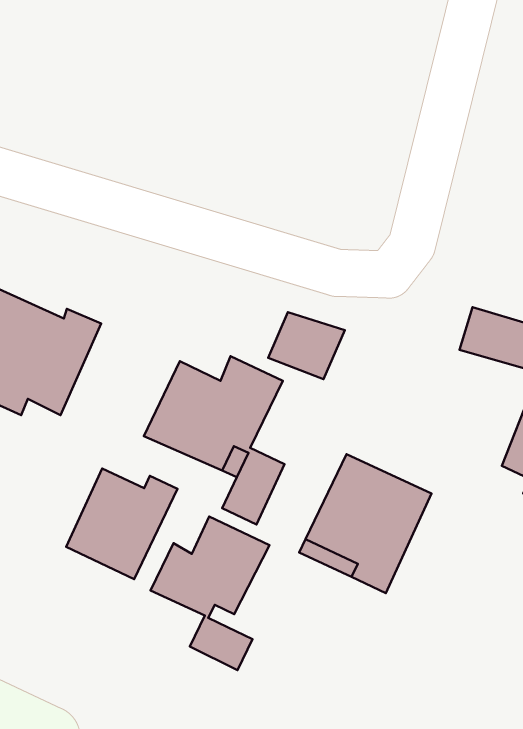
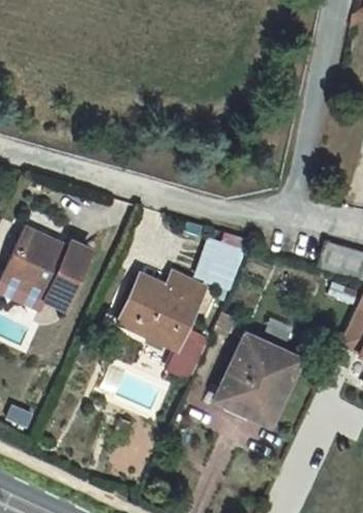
building: [66,469,177,579] -> none
building: [151,517,269,670] -> none

